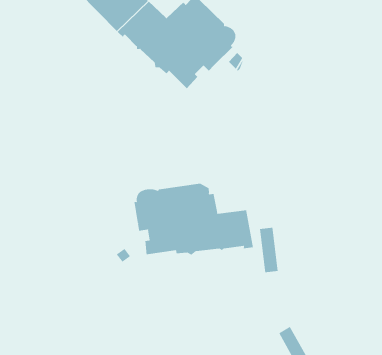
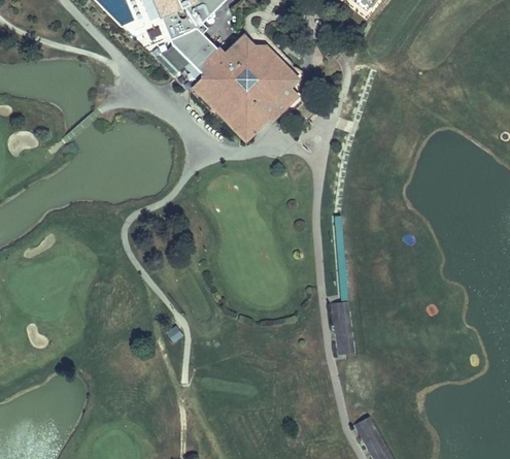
building: [134,183,253,255] -> none

